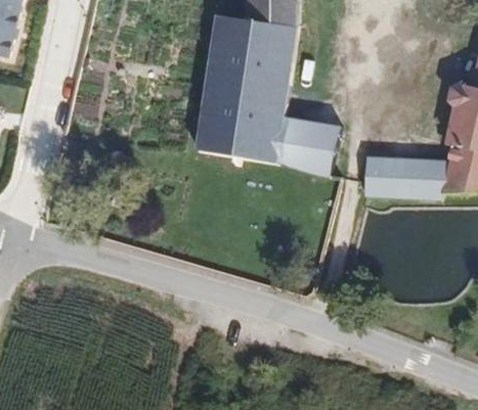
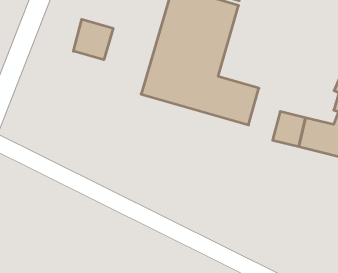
building: none -> [73,19,113,60]

